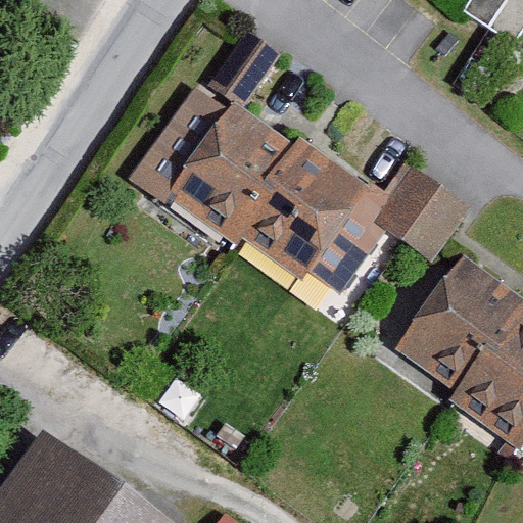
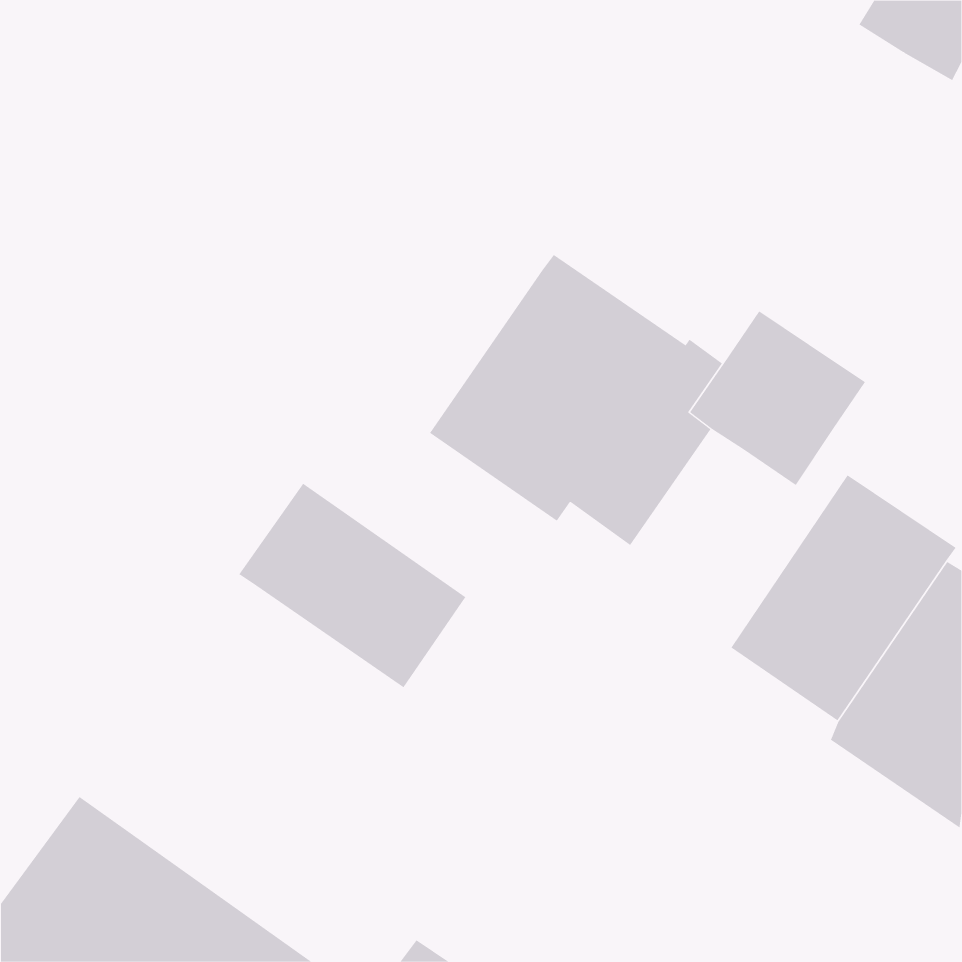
building: [127,30,294,239] -> none
building: none -> [239,483,466,688]

